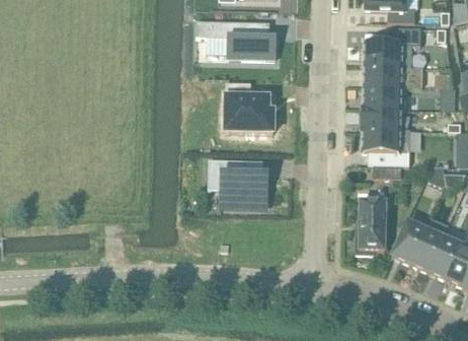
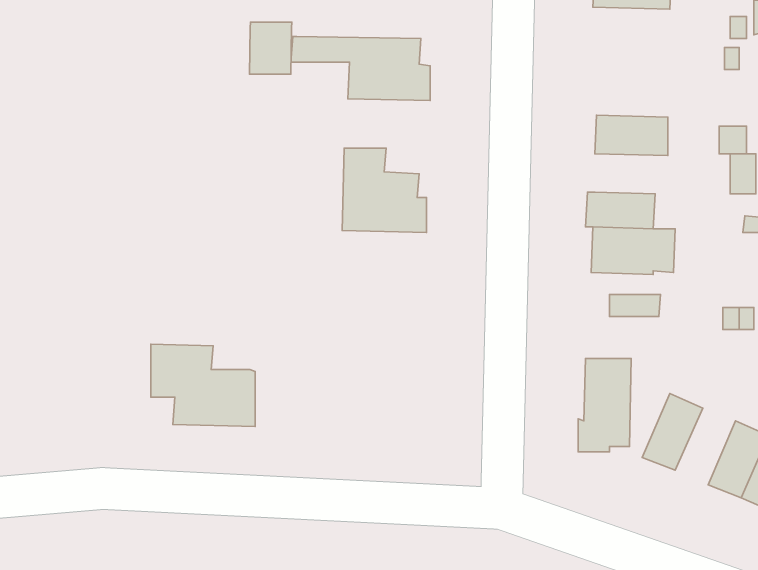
building: none -> [249,22,292,74]
building: [366,26,420,67] -> none
building: [365,87,405,110] -> none
building: [208,159,265,205] -> [151,344,255,426]
building: [409,228,443,271] -> none

